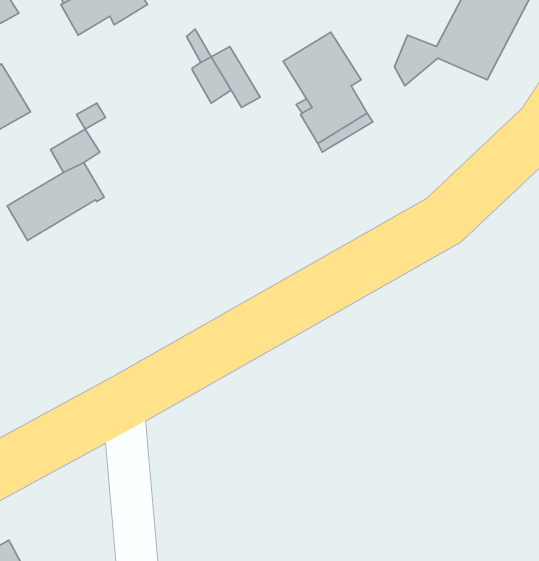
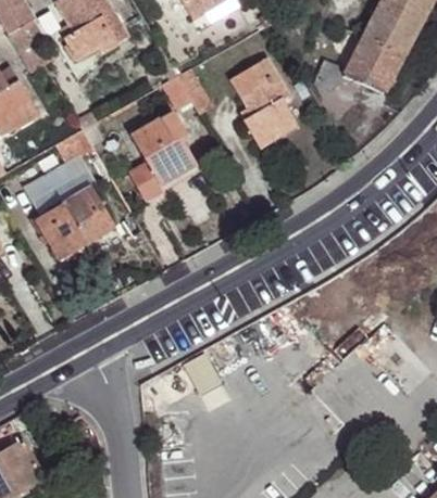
building: none -> [128,111,197,201]
building: none -> [33,183,114,260]

